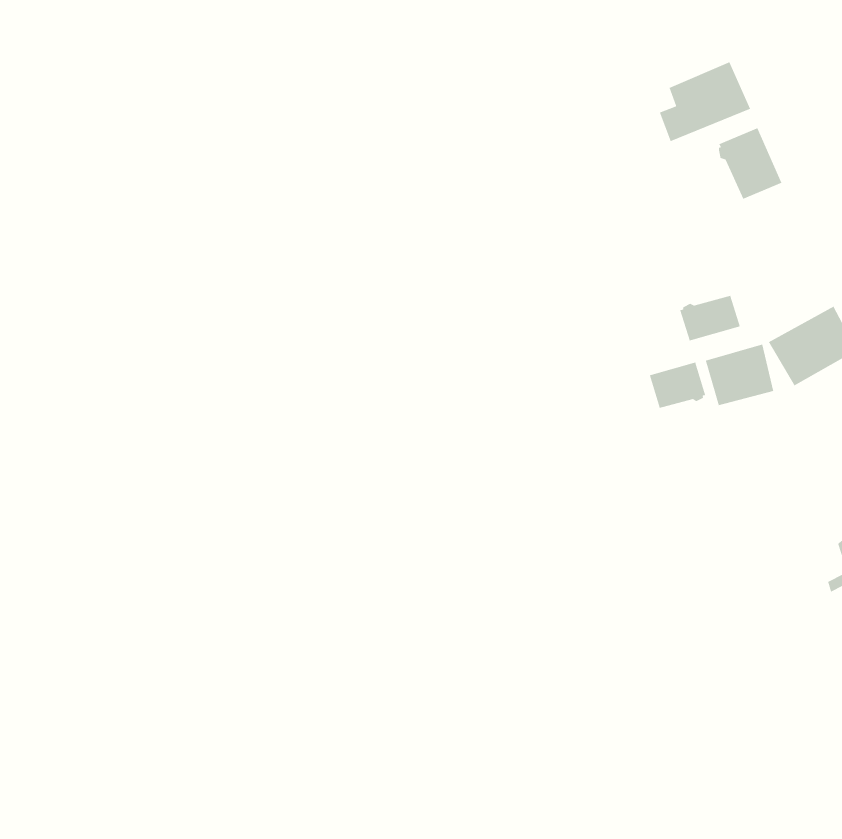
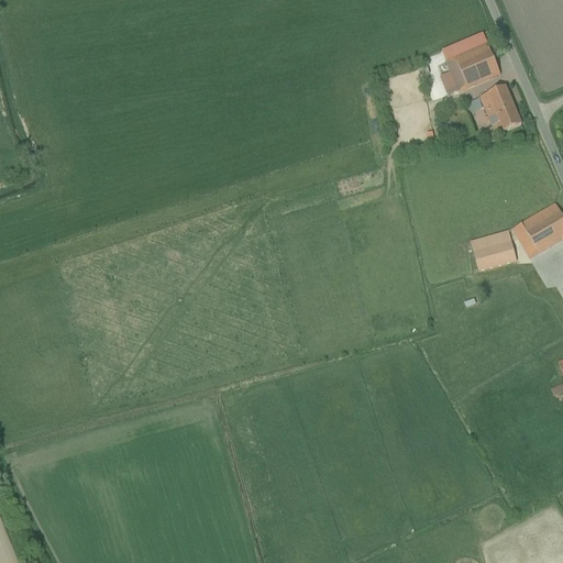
building: [679,295,741,342] -> none
building: [649,361,706,409] -> none

